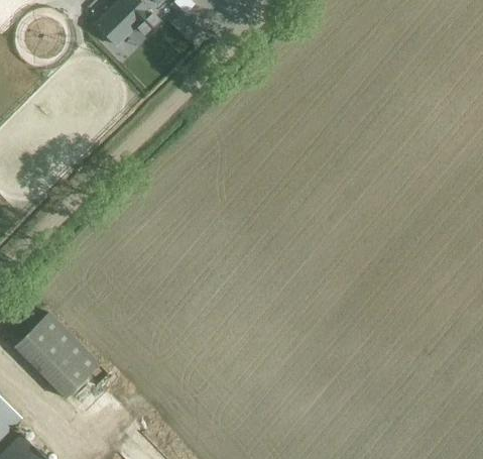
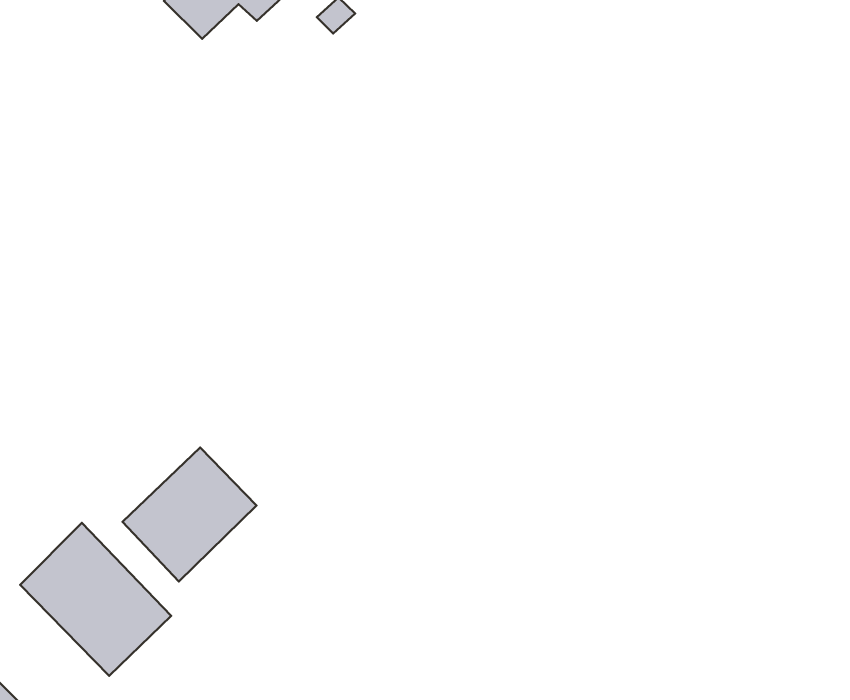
building: none -> [123,448,256,582]

